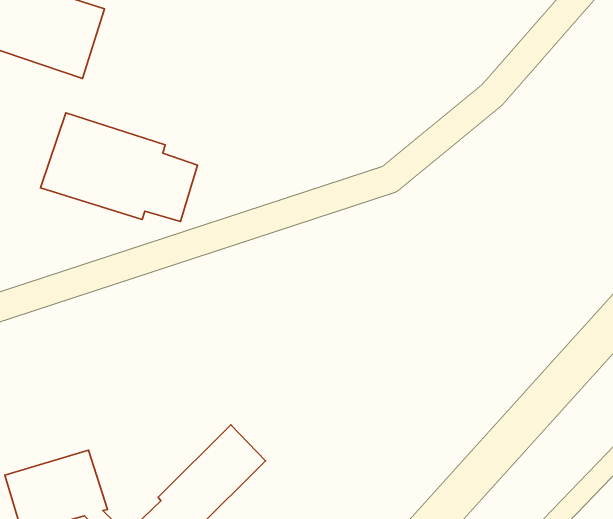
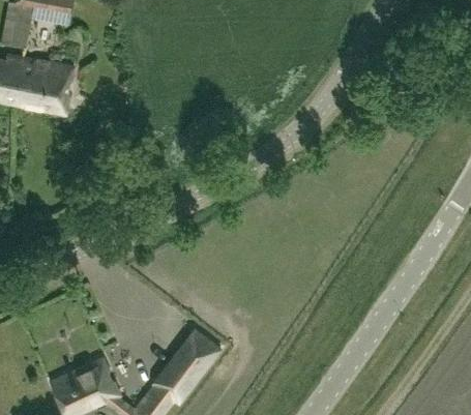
building: [41,113,198,222] -> none

